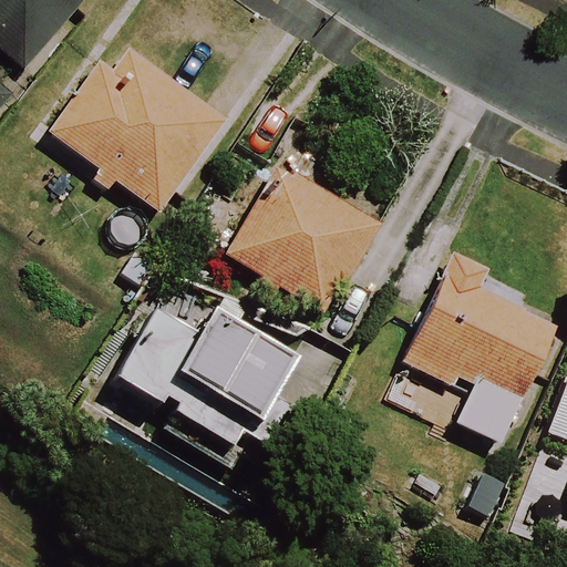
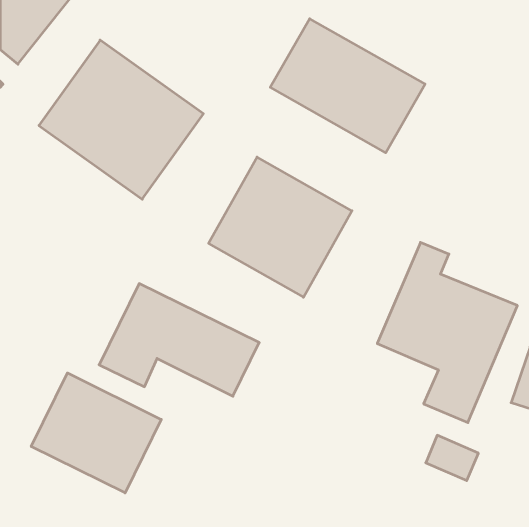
building: none -> [270,19,425,153]
building: none -> [31,373,161,493]

